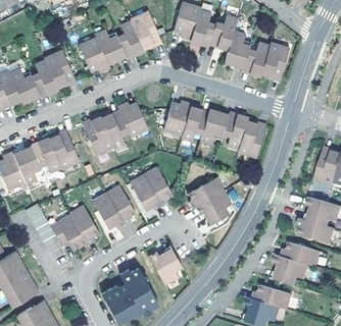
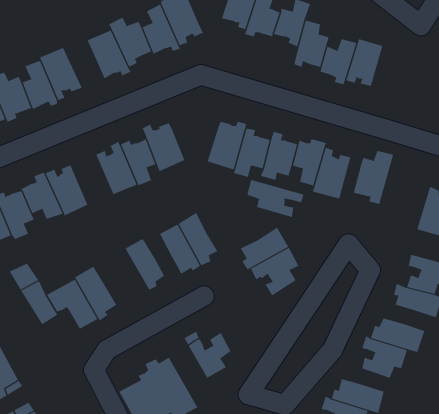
building: none -> [353,150,394,205]
building: none -> [247,179,304,218]
building: [93,193,124,228] -> none

